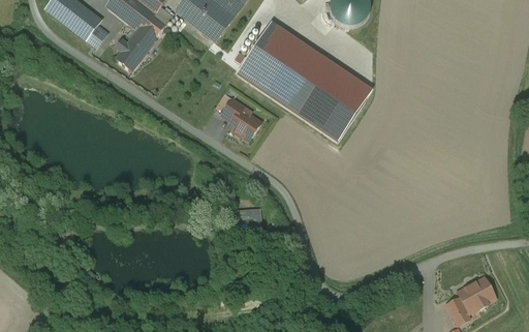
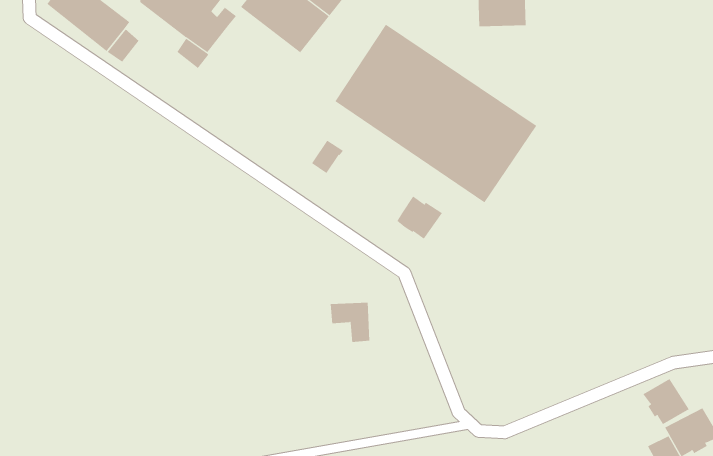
building: [115,38,146,70] -> none
building: [228,109,259,139] -> [396,195,443,239]
building: none -> [643,378,690,425]

